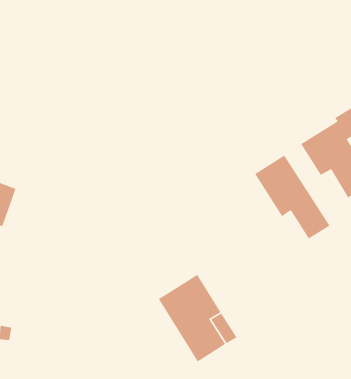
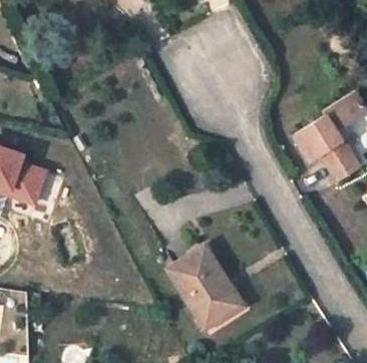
building: [254,154,331,240] -> none

